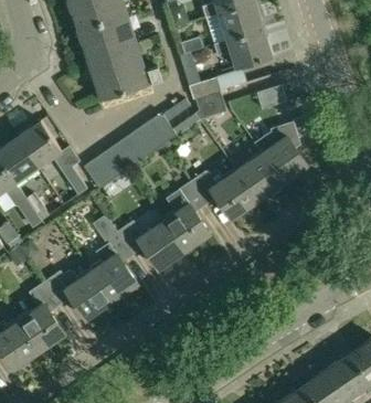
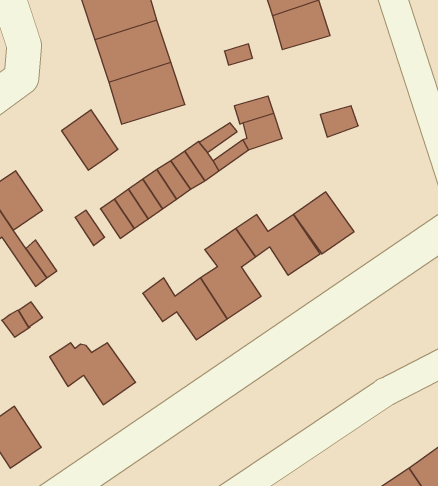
building: [225,31,271,68] -> none
building: [17,120,61,168] -> [62,110,118,170]
building: [259,121,307,184] -> none
building: [88,216,137,303] -> none
building: [15,283,64,353] -> none

